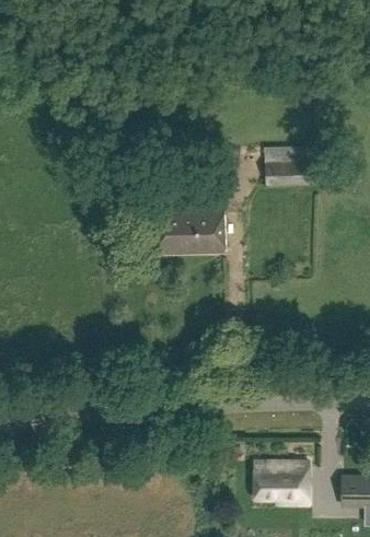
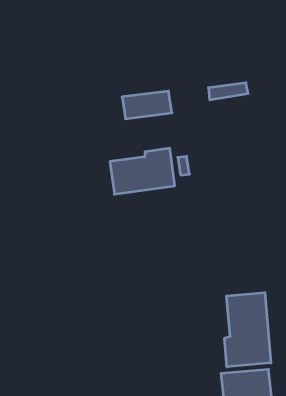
building: [268,159,321,184] -> [122,91,172,119]
building: none -> [225,293,271,367]

